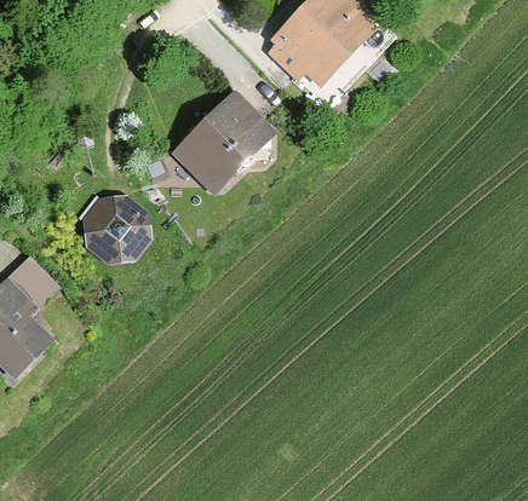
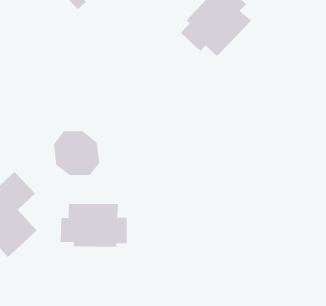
building: [178,92,272,194] -> none
building: none -> [60,203,127,247]

